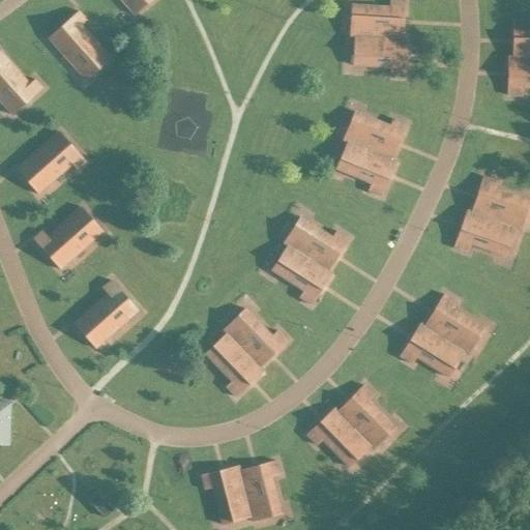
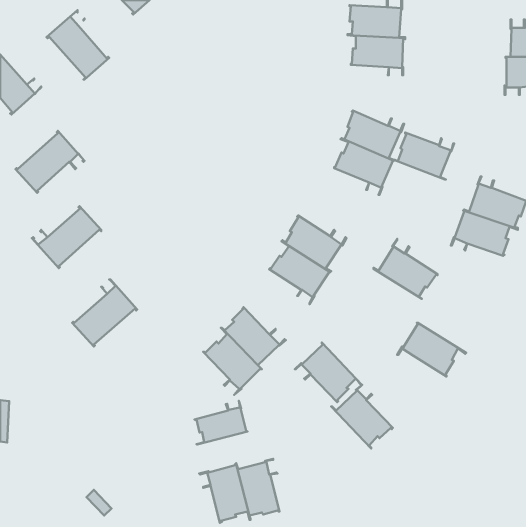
building: none -> [394,132,454,180]
building: [420,294,484,354] -> [373,239,437,299]
building: none -> [194,401,248,445]
building: [306,408,374,468] -> [295,342,362,402]

